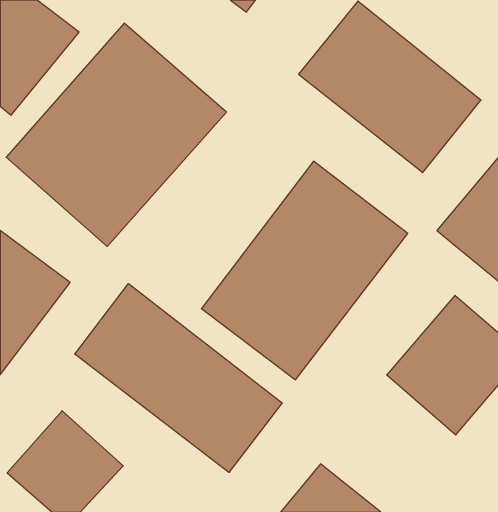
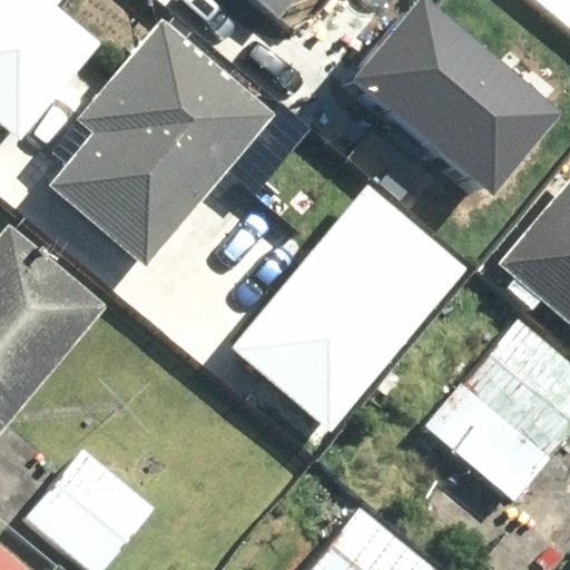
building: [75,284,282,472] -> none

